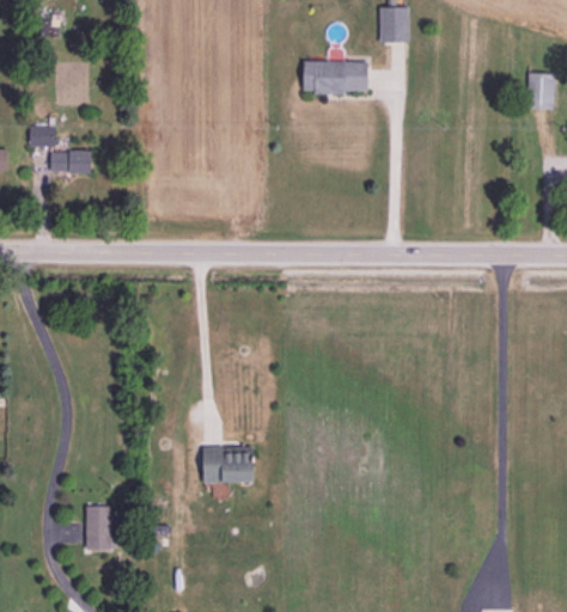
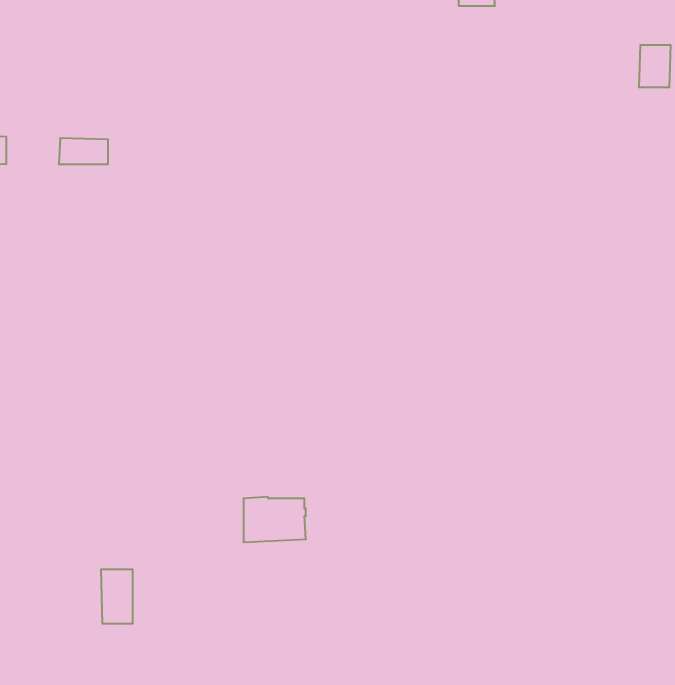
building: [303,61,368,93] -> none
building: [29,127,55,147] -> none

